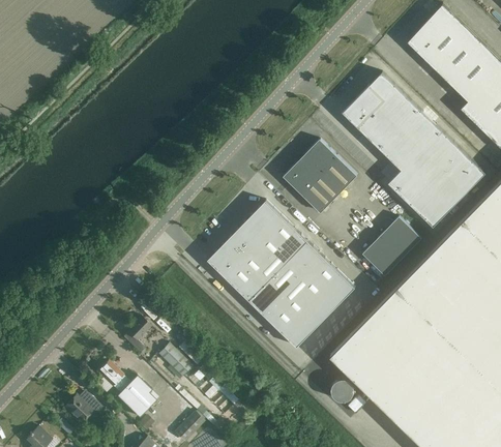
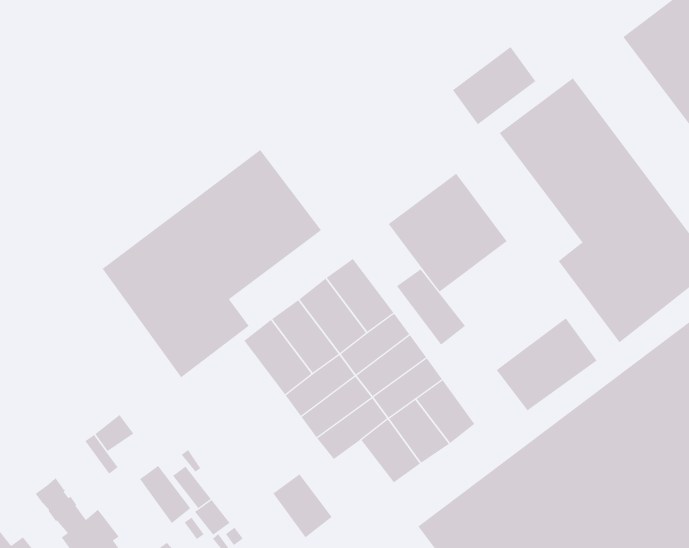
building: none -> [452,46,536,125]
building: none -> [102,149,322,378]
building: none -> [396,268,466,345]
building: [273,310,312,349] -> [272,474,333,538]

